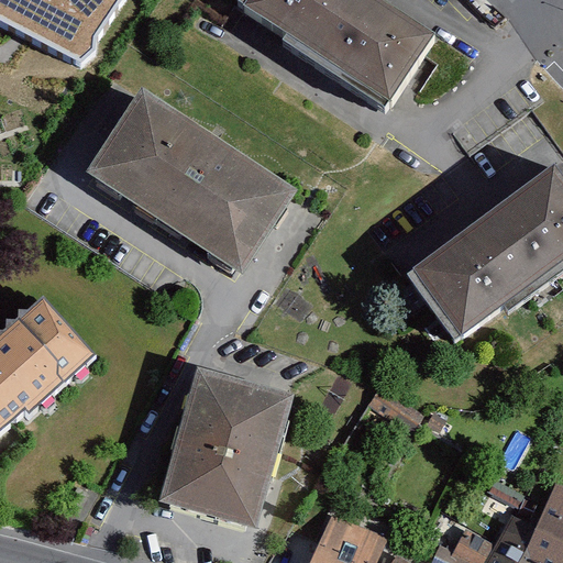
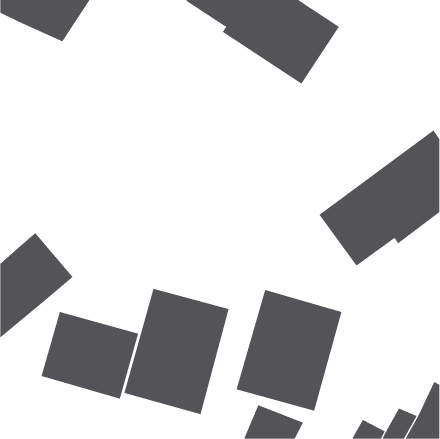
building: [86,86,296,271] -> none
building: none -> [236,289,342,412]
building: none -> [41,311,139,400]

